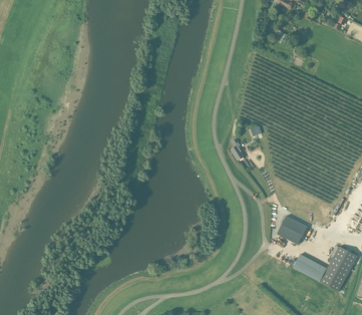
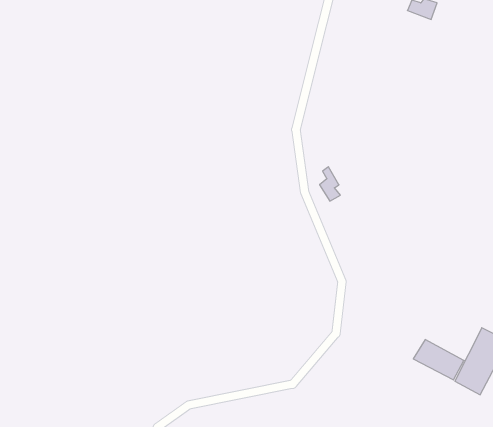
building: [278,215,309,244] -> none

